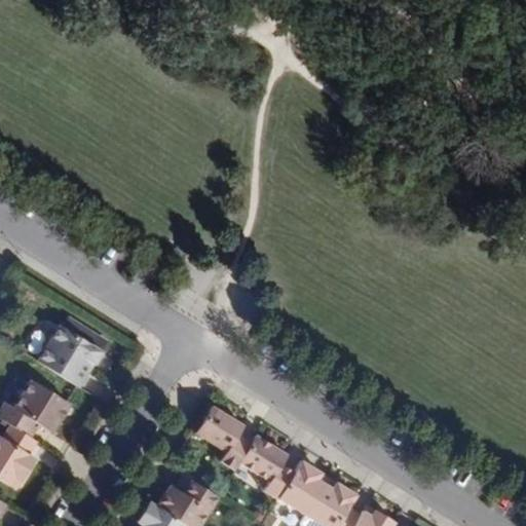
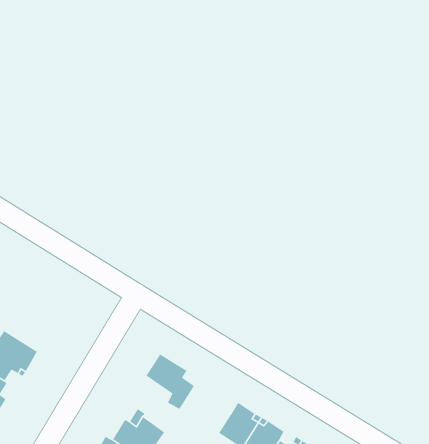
building: [38,325,105,386] -> none
building: [238,435,294,497] -> none

